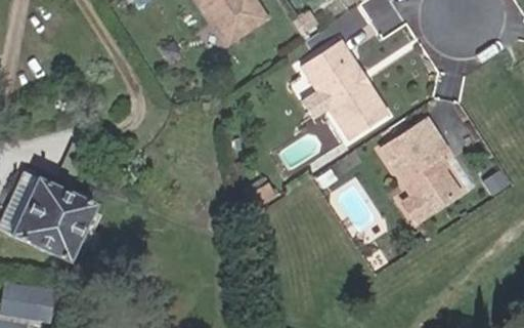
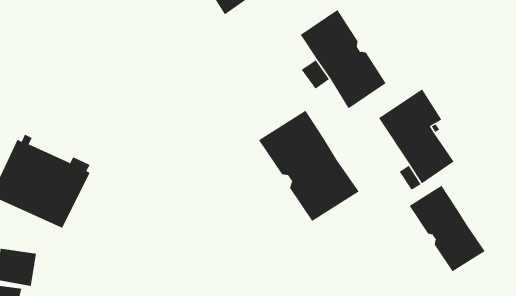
building: none -> [258,110,360,222]
building: none -> [409,185,485,272]

